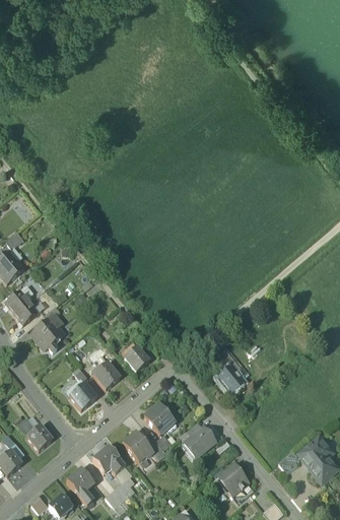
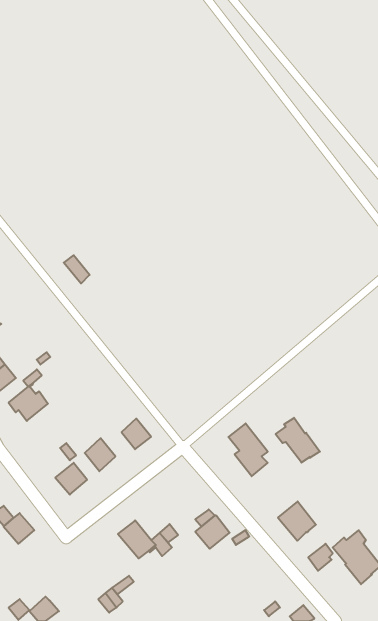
building: none -> [276,418,320,463]
building: [144,403,175,435] -> none
building: [92,445,126,474] -> none
building: [218,464,250,497] -> [278,501,316,541]
building: [66,467,94,504] -> none

